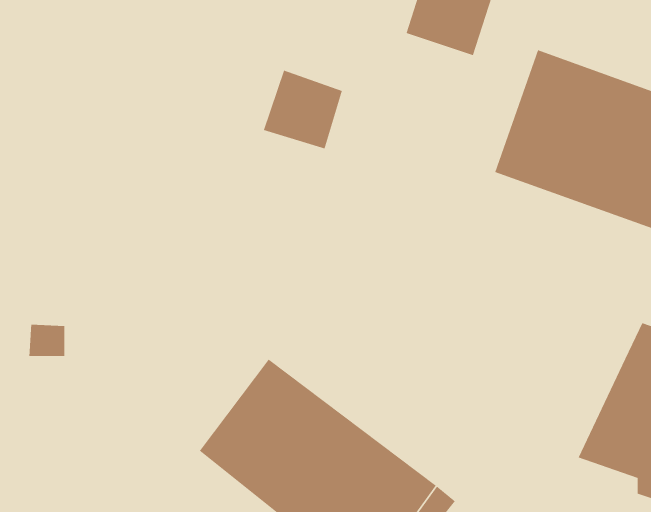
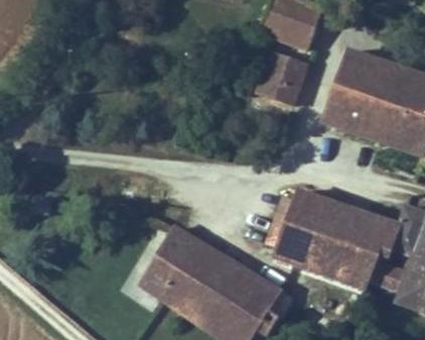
building: [263,70,343,150] -> [253,50,299,97]
building: none -> [264,188,392,289]

